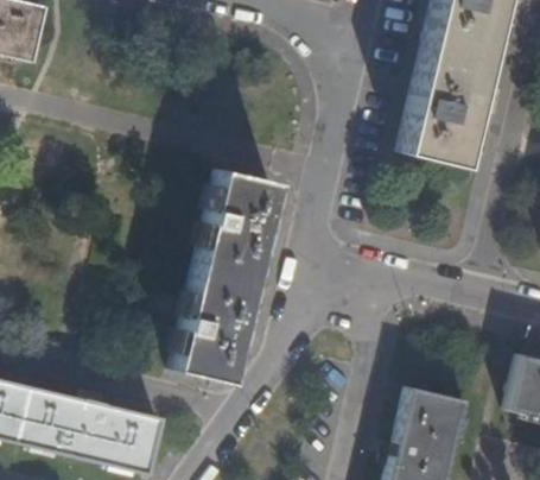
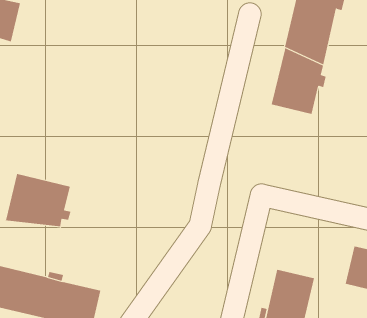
building: [170,168,275,381] -> none
building: none -> [5,173,71,227]

